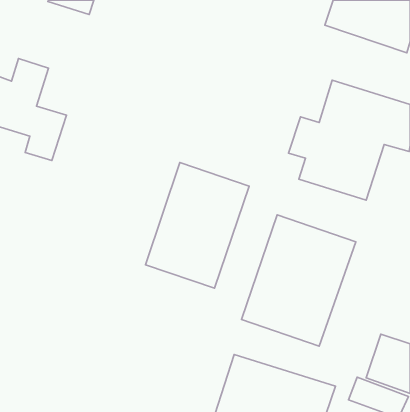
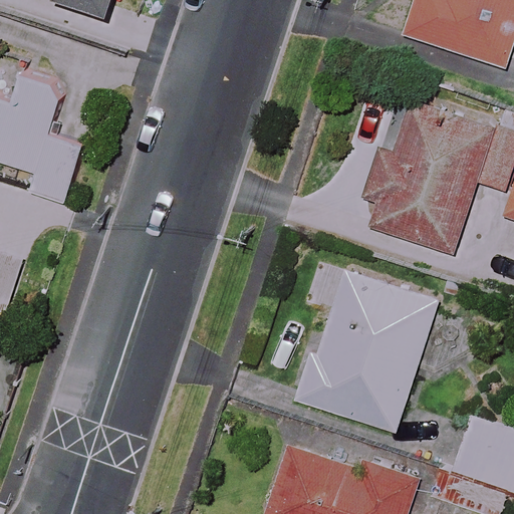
building: [145,162,249,288] -> none

